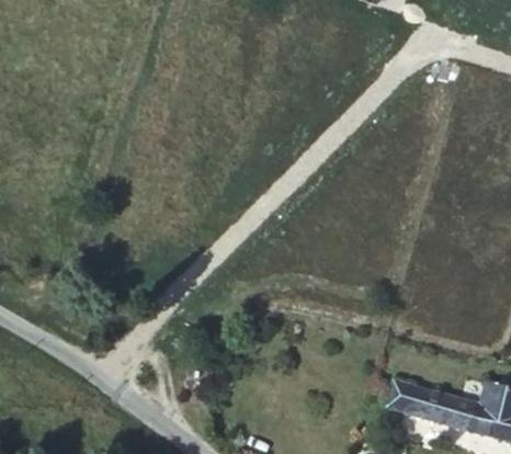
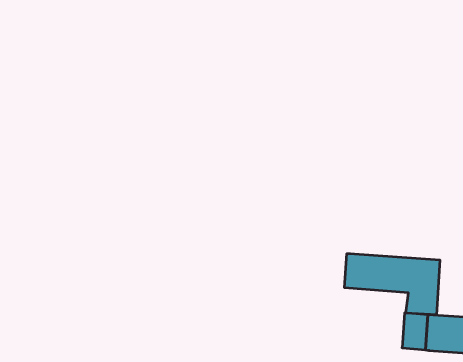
building: none -> [345,254,440,315]

